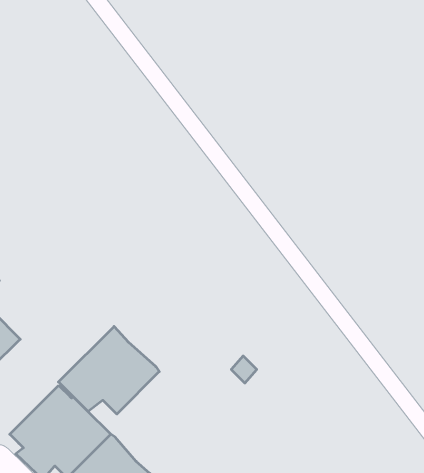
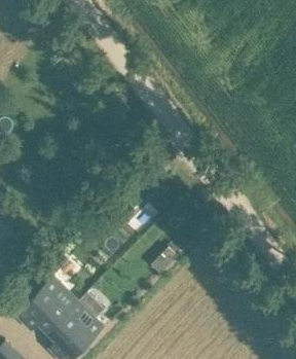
building: [58,326,159,414] -> none

